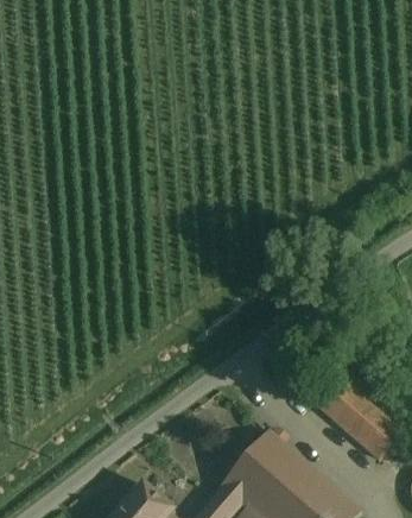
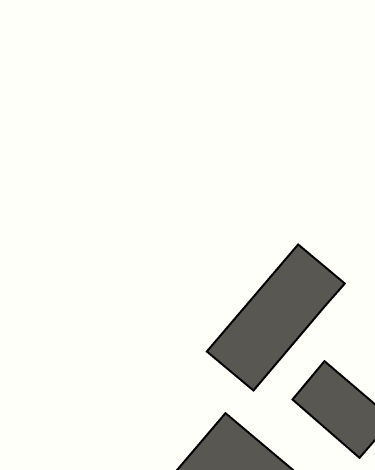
building: none -> [207,245,345,390]

